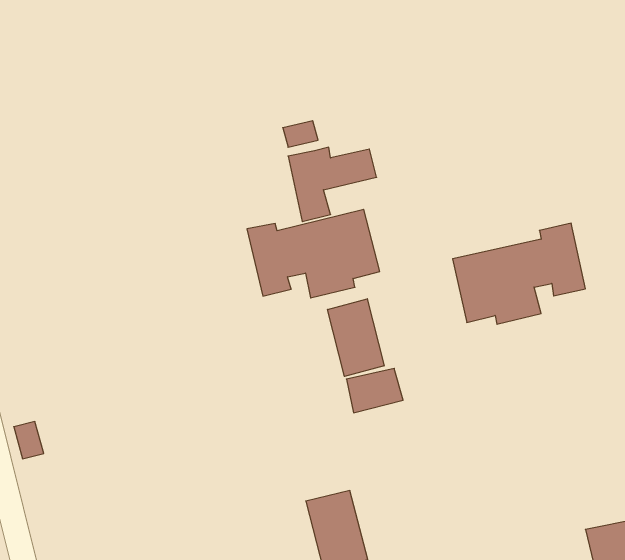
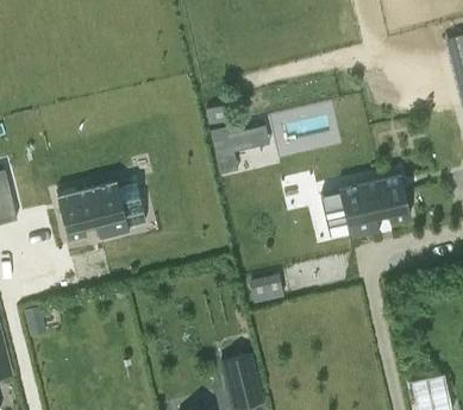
building: [247,209,380,298] -> [55,181,144,240]
building: [328,299,384,376] -> none

